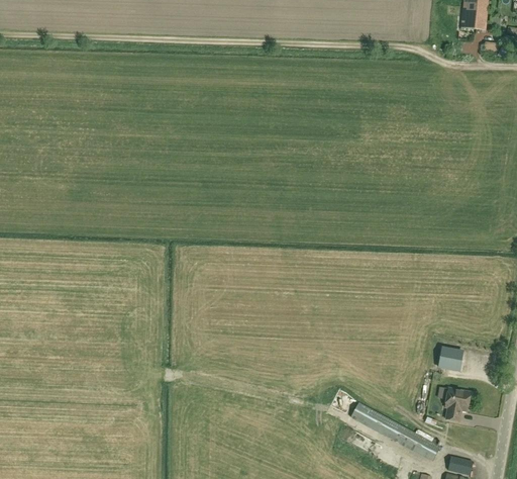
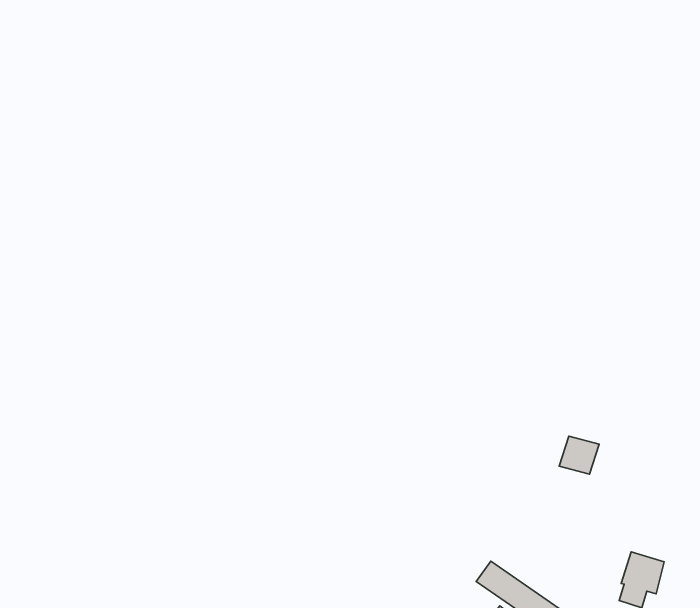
building: [438,347,462,370] -> [559,436,599,474]

